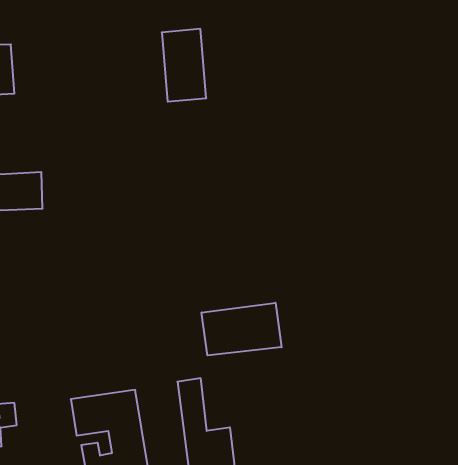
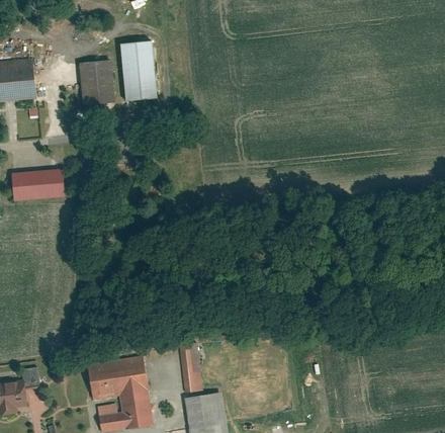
building: [162,29,206,102] -> [120,41,159,104]
building: none -> [79,61,115,103]
building: [202,303,282,355] -> none

